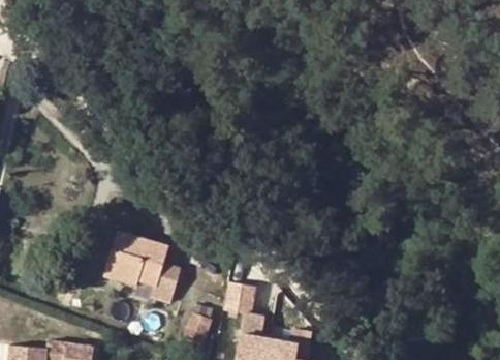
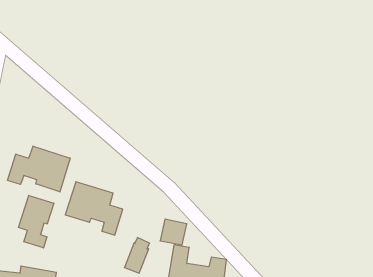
building: none -> [8,146,70,192]
building: none -> [18,195,54,248]

